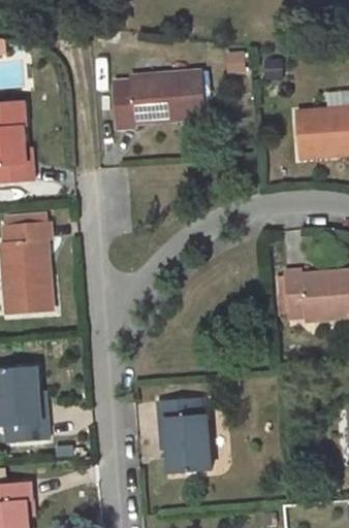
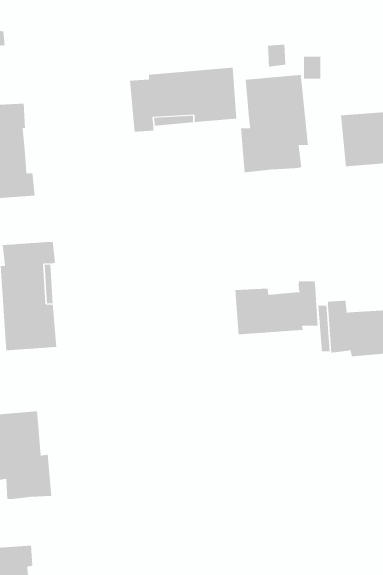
building: none -> [240,74,308,173]
building: none -> [235,281,318,335]
building: [159,396,210,473] -> none

